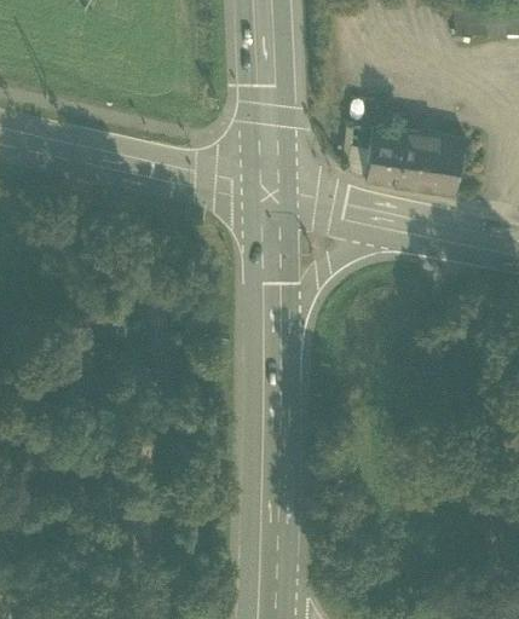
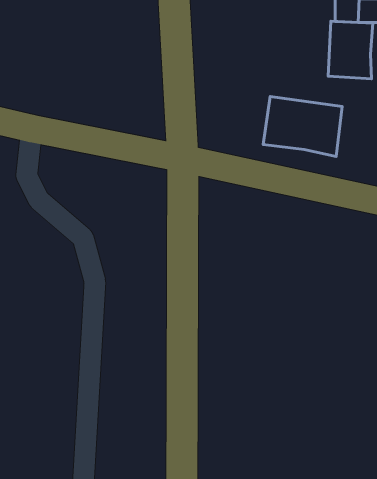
building: none -> [328,21,373,79]

